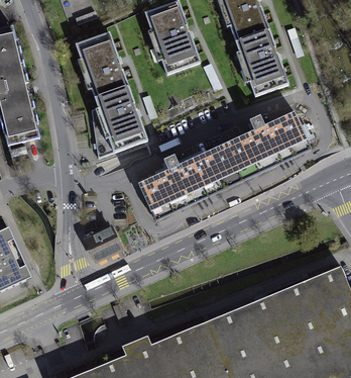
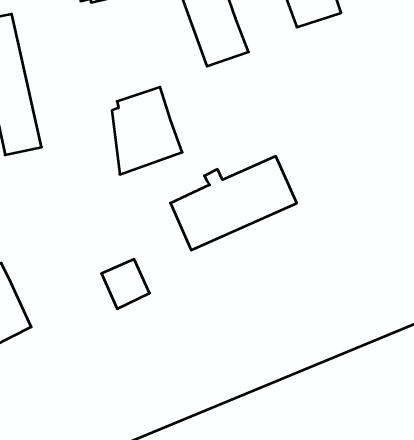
building: [76,31,128,100] -> none
building: [234,31,286,97] -> none
building: [218,106,314,179] -> none

